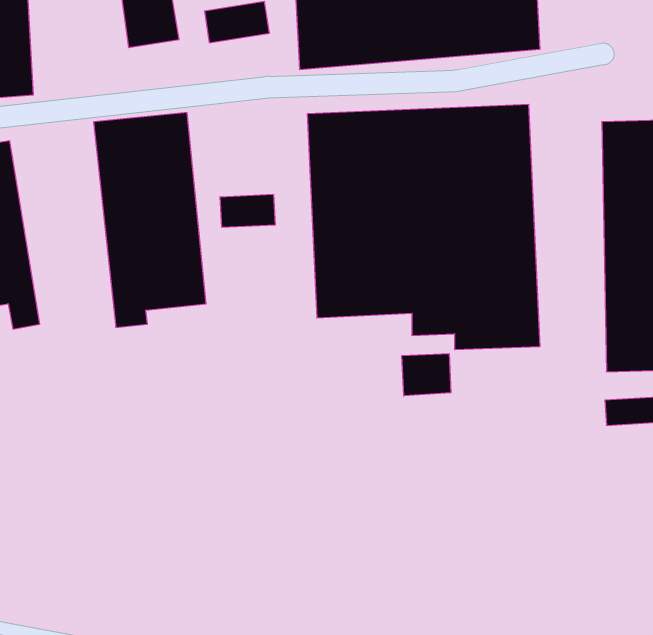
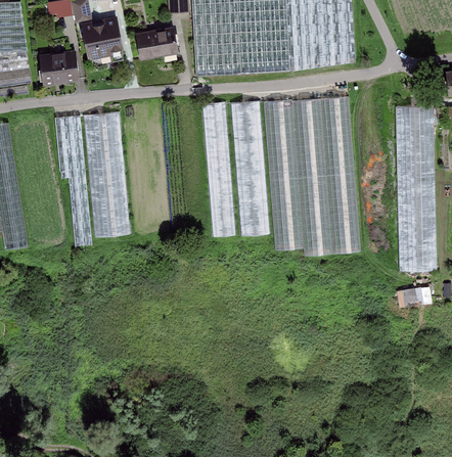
building: none -> [39,50,77,83]
building: [220,194,275,227] -> none
building: [402,354,451,396] -> none

